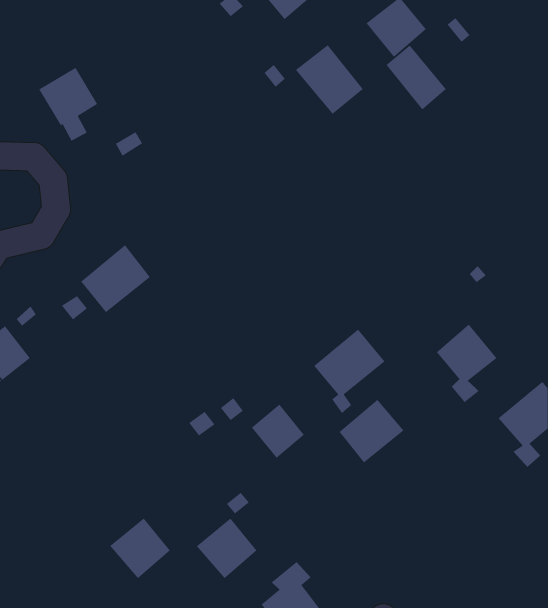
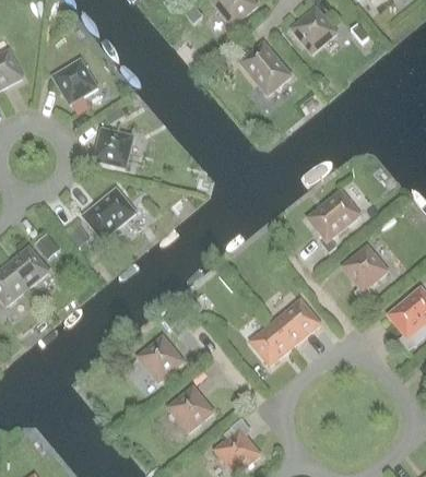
building: [385,45,447,111] -> none
building: none -> [95,128,133,167]
building: [313,328,385,414] -> [308,190,360,252]
building: [251,403,305,459] -> [251,324,291,365]
building: [109,517,171,579] -> [138,336,182,381]

